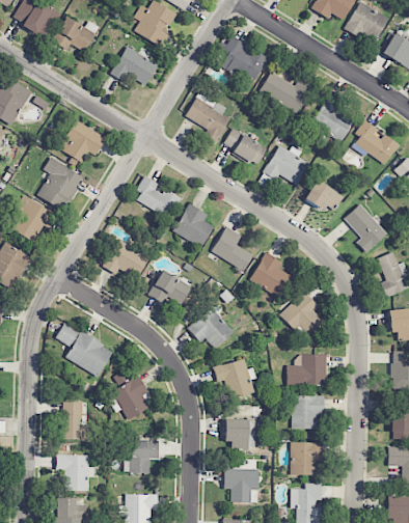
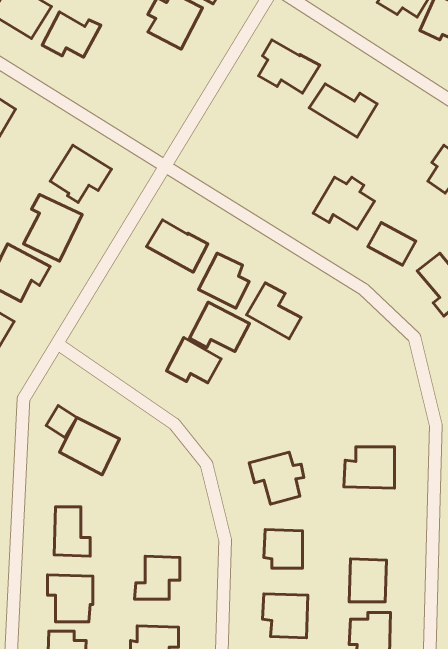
building: [110,46,158,84] -> none
building: [184,91,230,138] -> none
building: [310,95,354,141] -> none
building: [224,128,267,165] -> none
building: [103,239,149,277] -> [190,302,250,351]
building: [248,251,290,297] -> none
building: [280,291,323,338] -> none
building: [187,306,234,348] -> none
building: [108,369,149,418] -> none
building: [292,394,325,428] -> none

